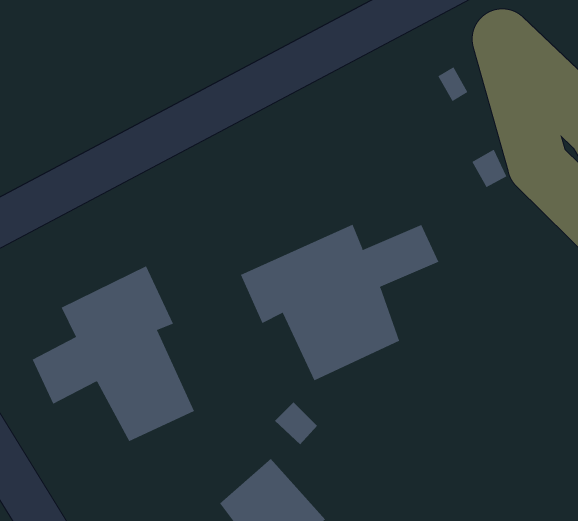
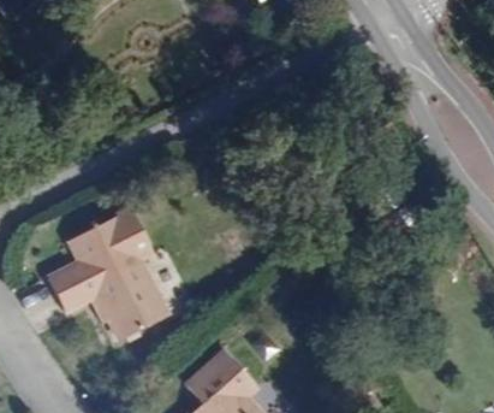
building: [240,224,439,381] -> none

